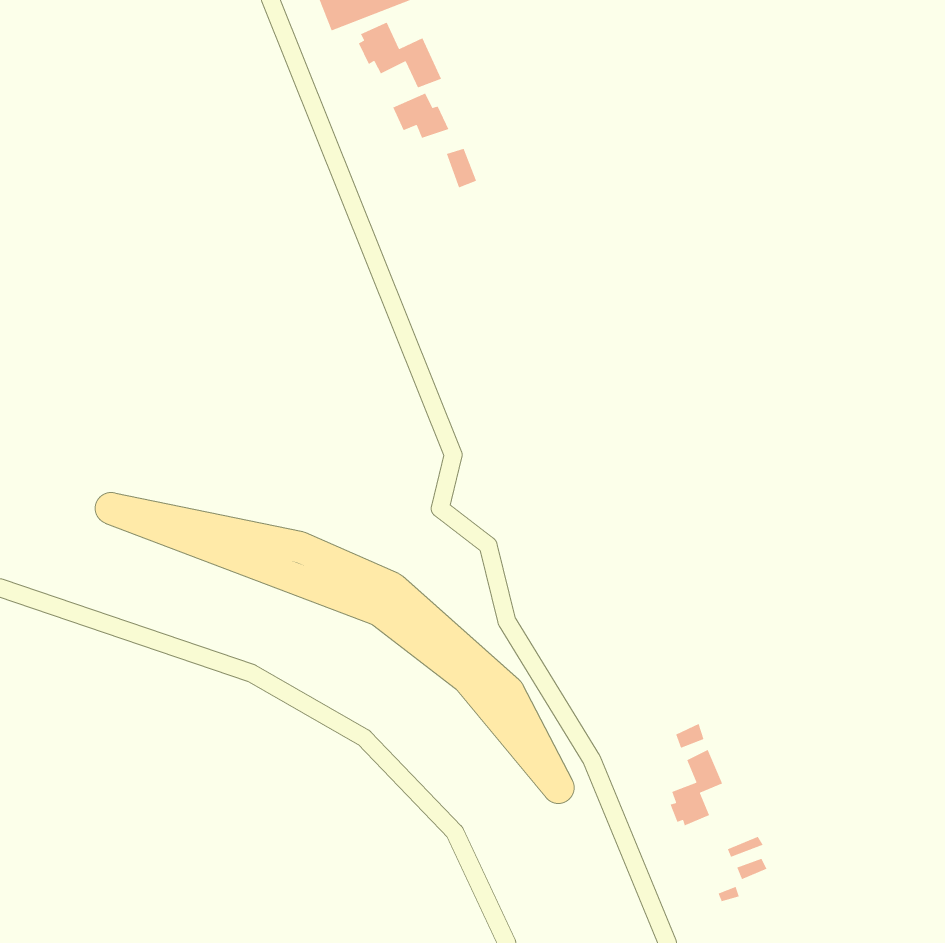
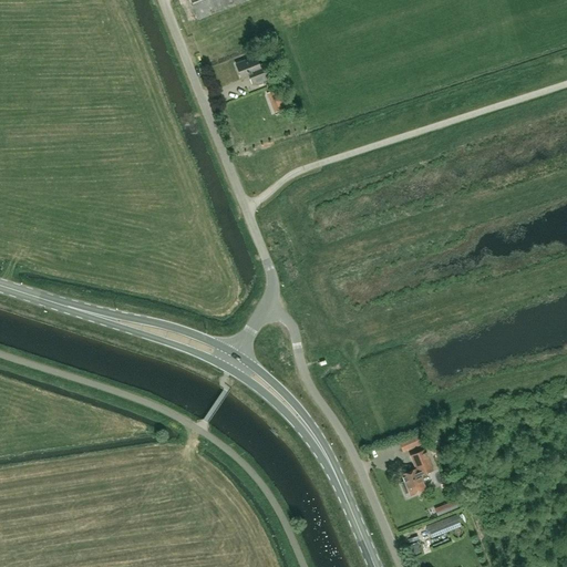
building: [358,22,442,89] -> none

